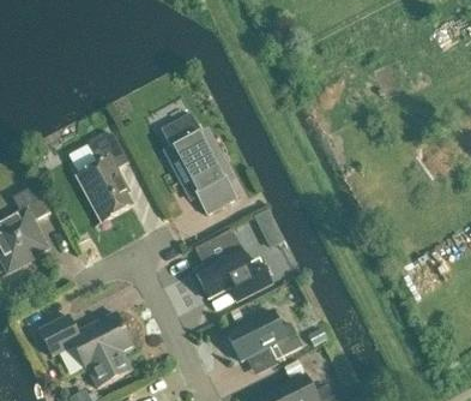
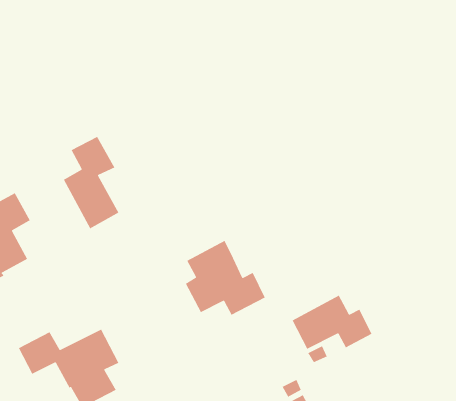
building: [161,113,237,214] -> none
building: [227,309,302,360] -> [292,294,373,350]

